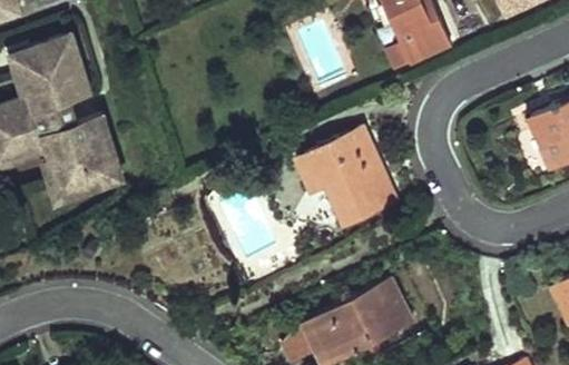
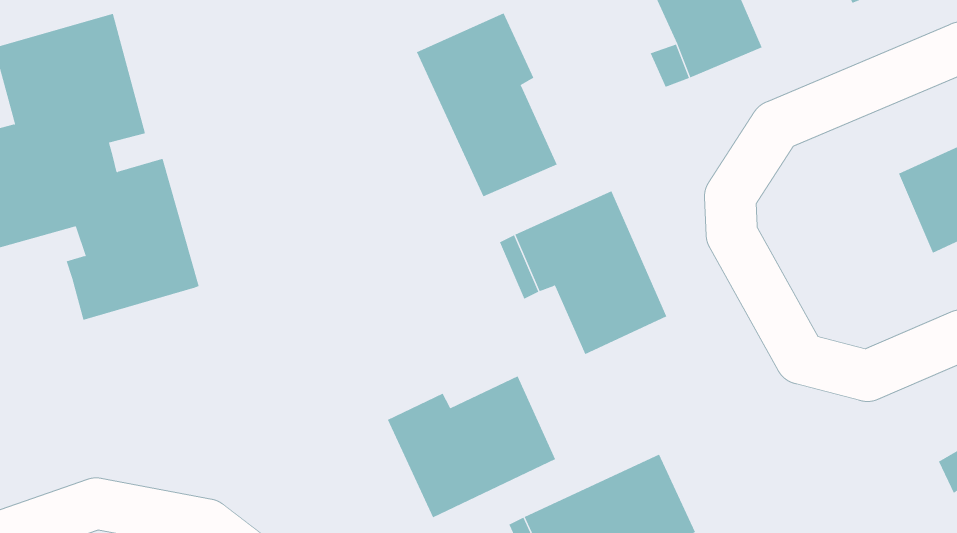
building: none -> [416,13,558,197]
building: none -> [387,376,556,518]

